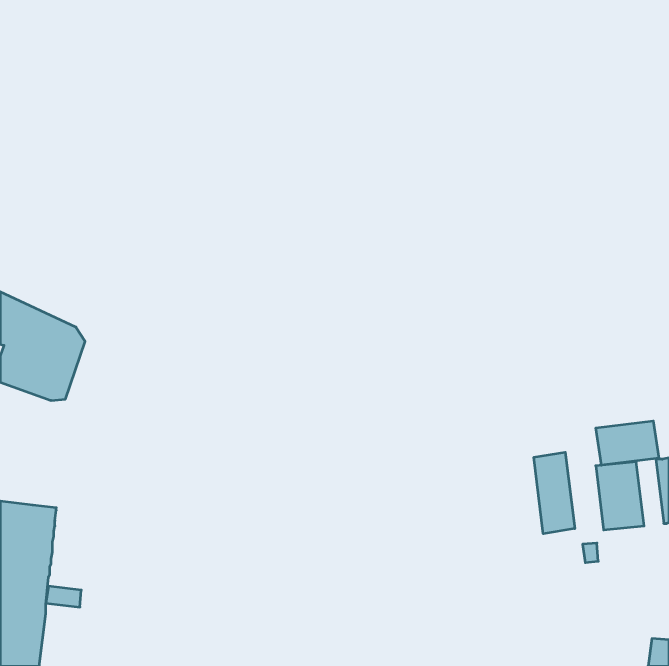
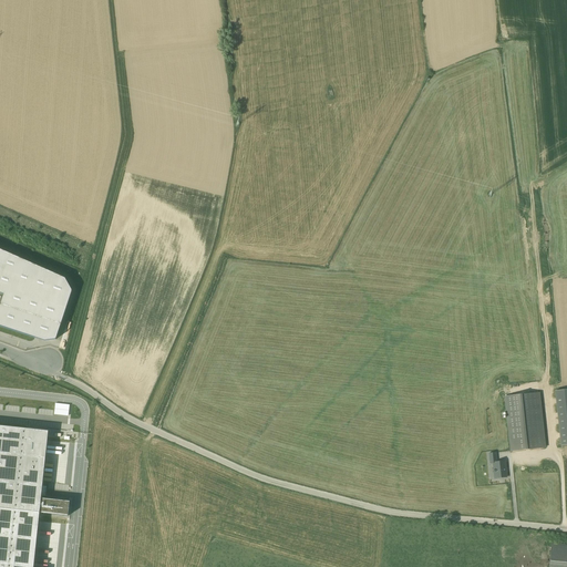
building: [596,421,659,465] -> none
building: [534,452,575,534] -> none

